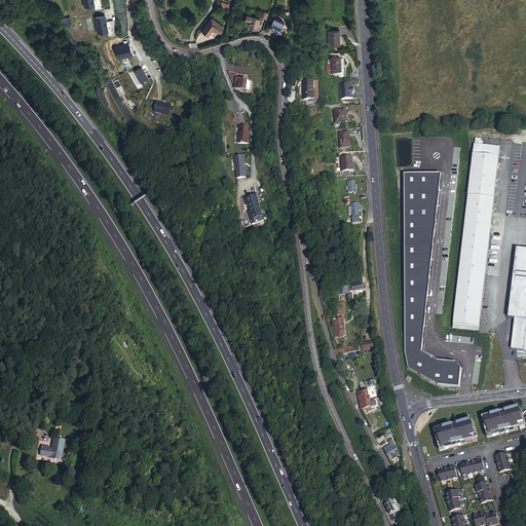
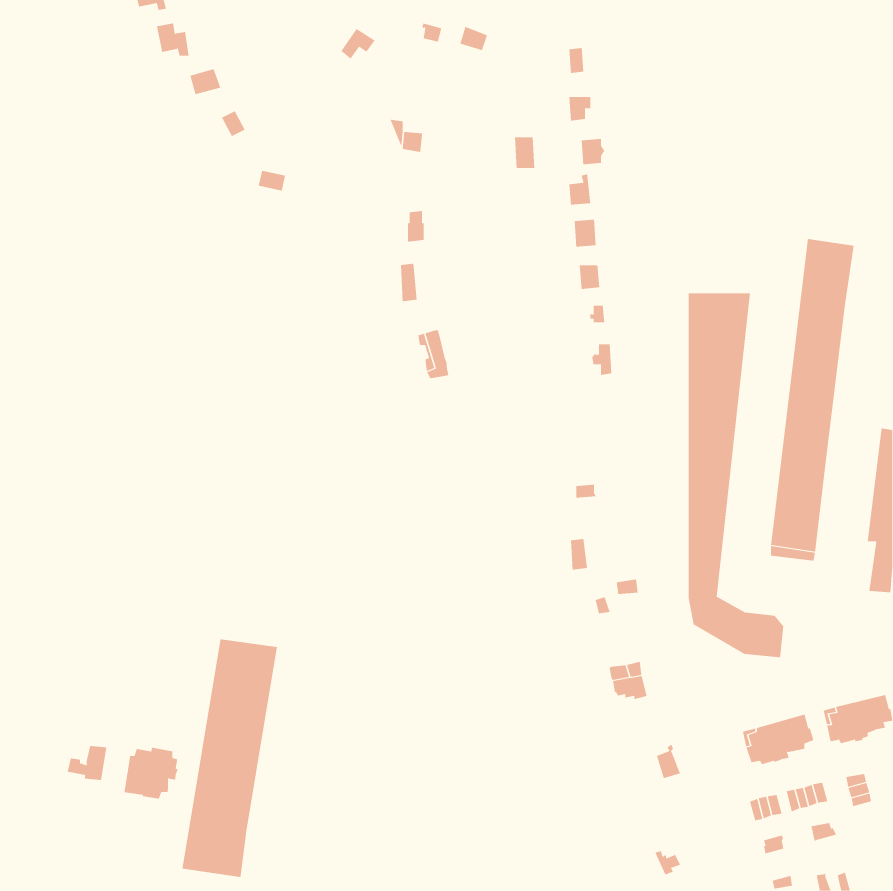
building: none -> [182,639,277,878]
building: none -> [124,747,178,800]

